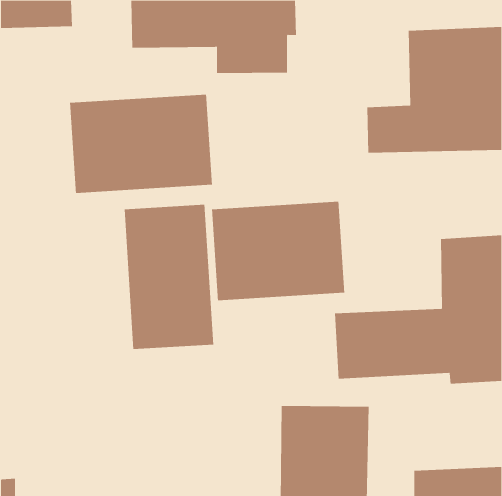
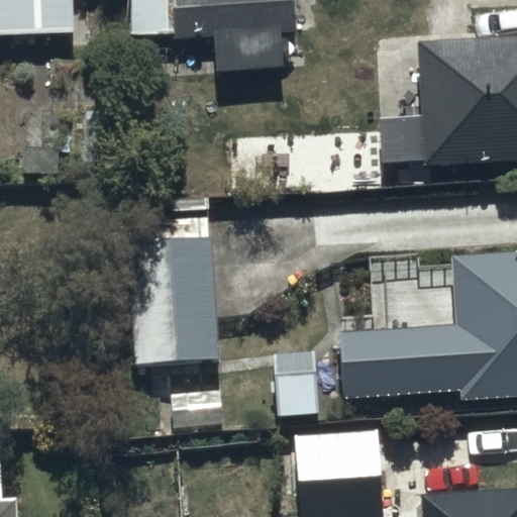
building: [69,94,212,194] -> none
building: [212,201,345,301] -> none

